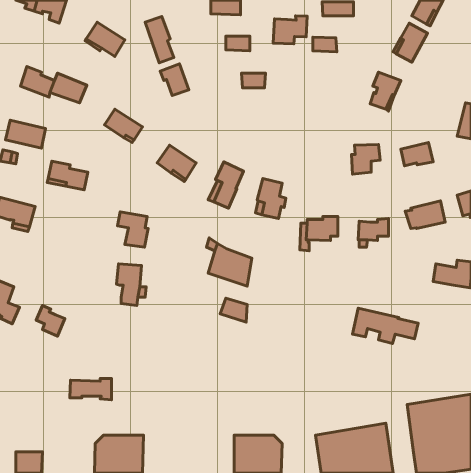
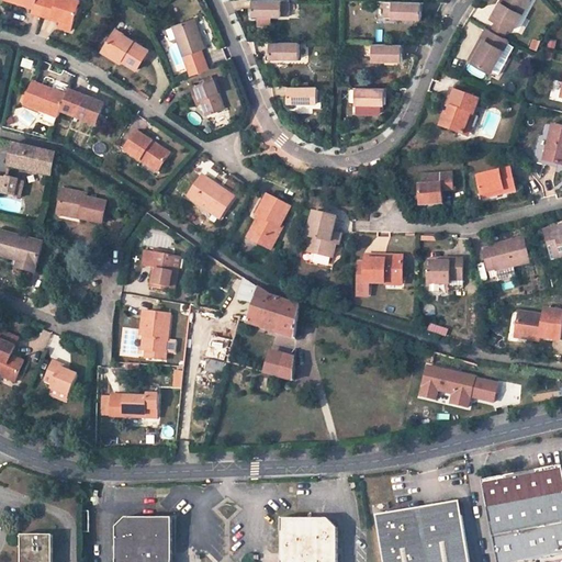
building: [273,16,307,44] -> none
building: none -> [355,88,383,105]
building: [70,378,111,400] -> [108,395,157,420]

